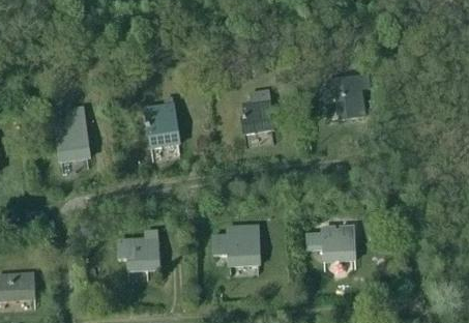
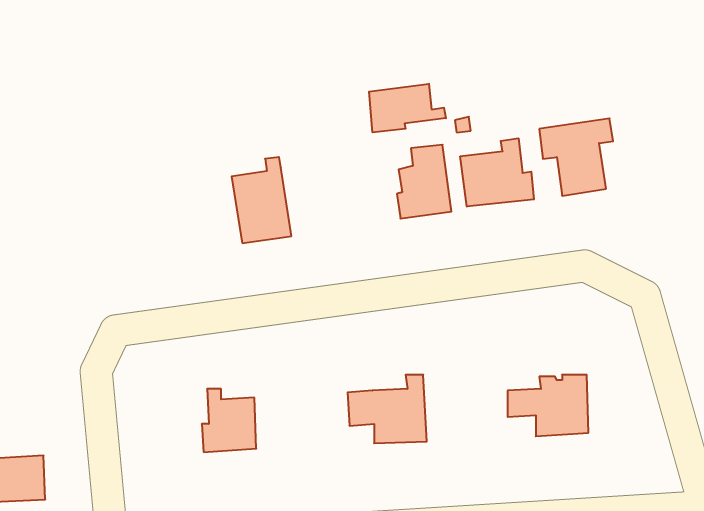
building: none -> [369,84,446,132]
building: none -> [460,138,534,207]
building: [54,108,89,160] -> none

